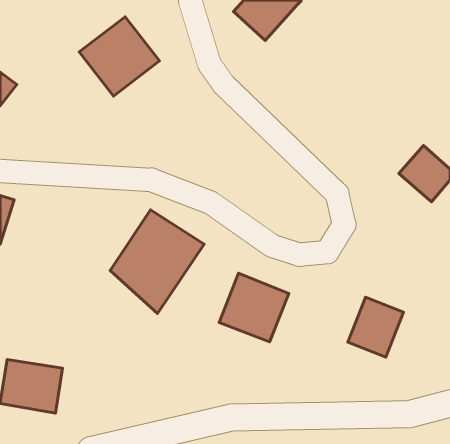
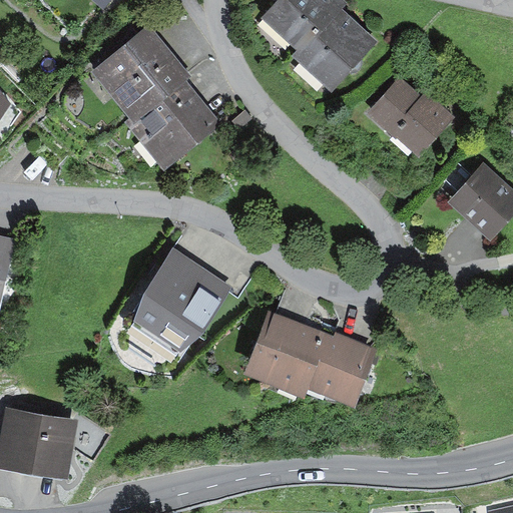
building: none -> [297,13,373,89]
building: none -> [129,76,213,157]
building: none -> [374,84,444,153]
building: [348,297,403,357] -> [310,338,373,406]

